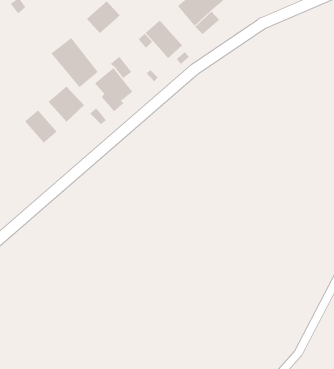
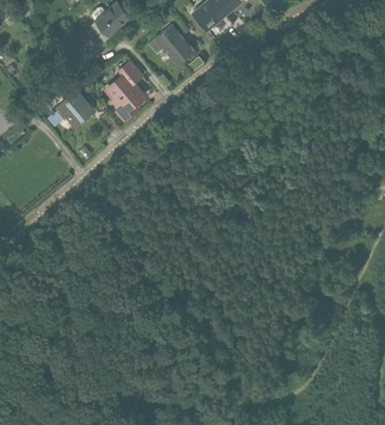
building: [50,37,99,88] -> none
building: [24,110,58,144] -> none

